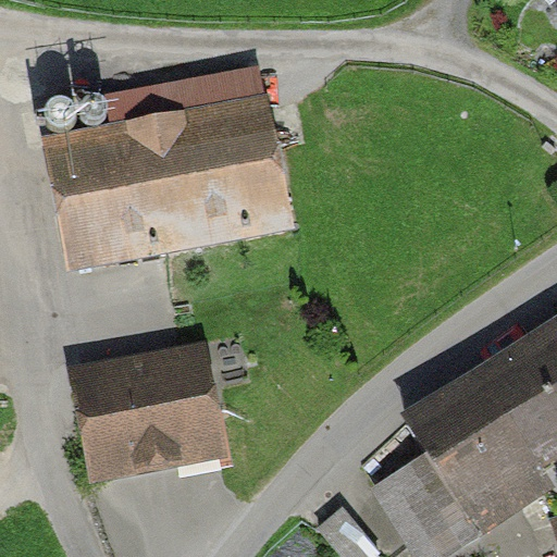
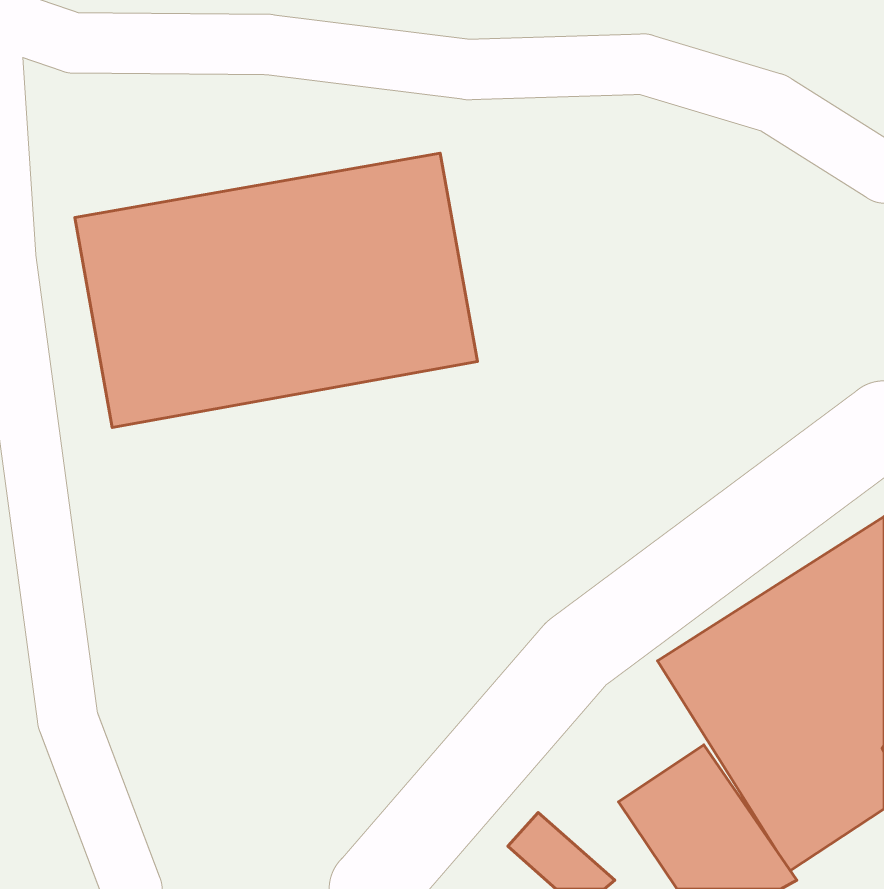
building: [79,346,230,495] -> none

